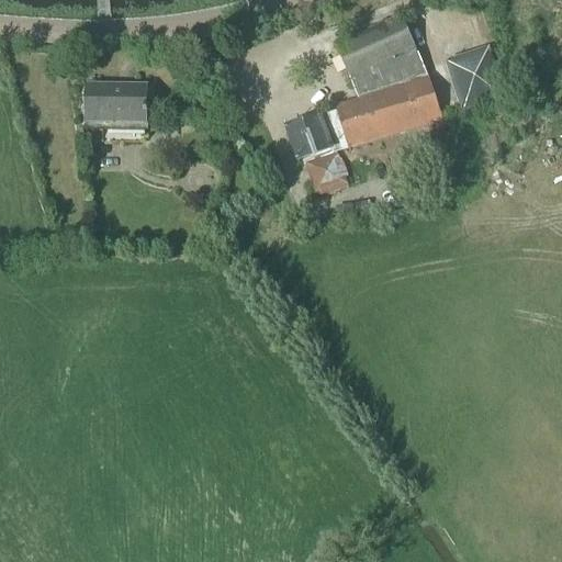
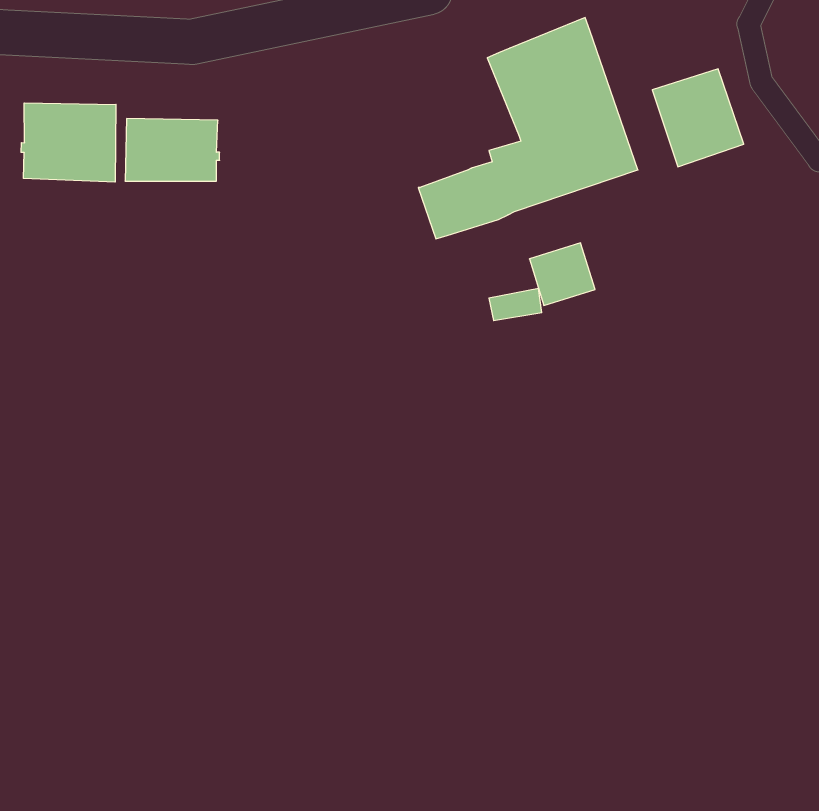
building: none -> [21,103,116,182]
building: [306,150,351,193] -> [529,243,595,305]

